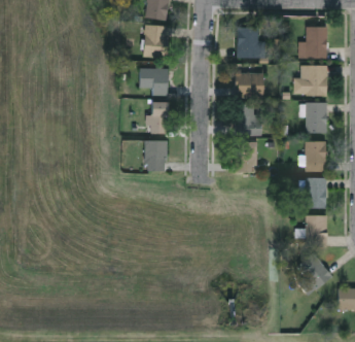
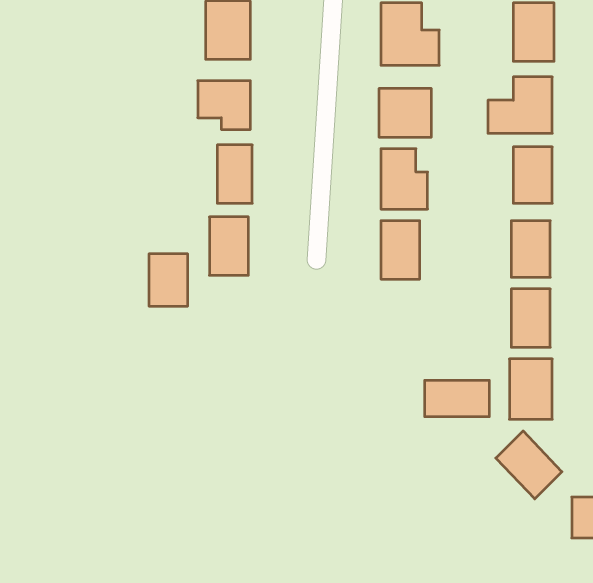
building: none -> [149,254,187,306]
building: none -> [425,380,489,417]

